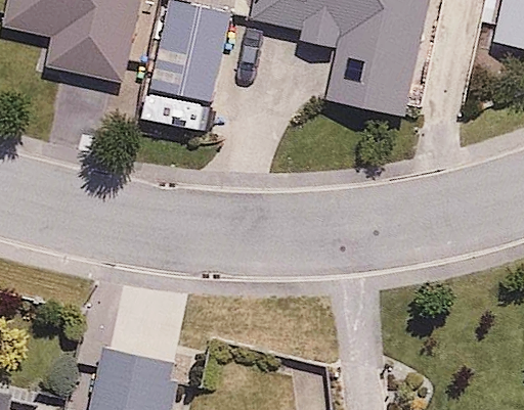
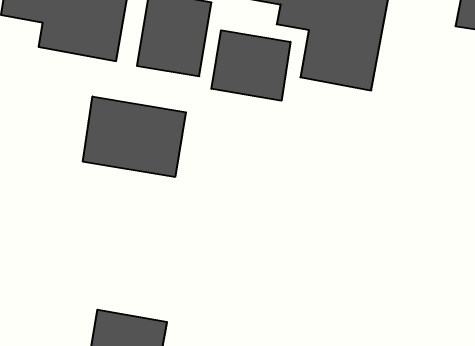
building: none -> [211,30,290,101]
building: none -> [83,96,186,177]

